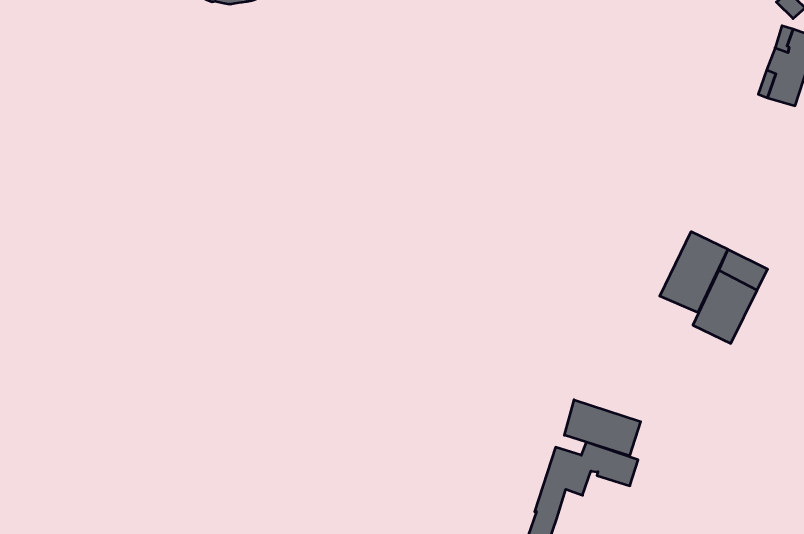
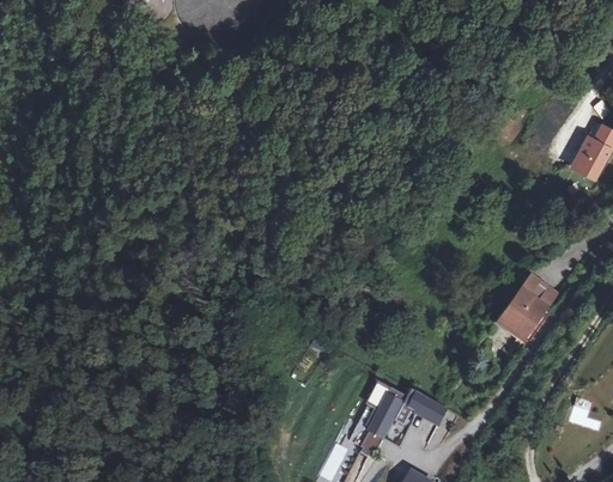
building: [660,232,728,313] -> none
building: [564,400,641,456] -> none

